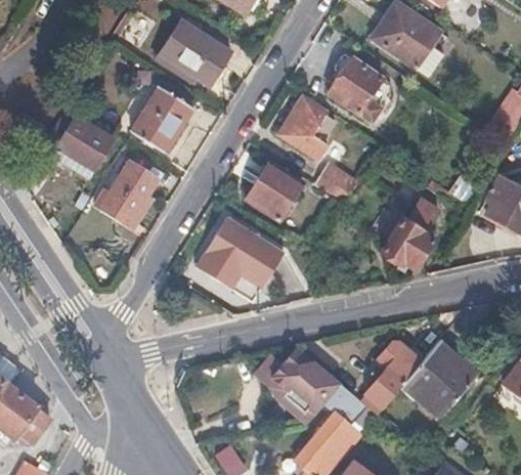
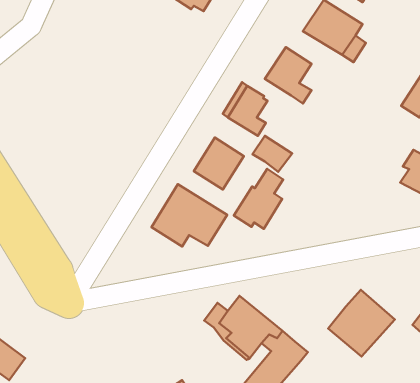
building: [155,21,229,86] -> none
building: [126,62,191,153] -> none
building: [44,110,112,171] -> none
building: [102,163,159,224] -> none
building: [381,198,438,267] -> [234,169,283,229]
building: [360,334,423,412] -> none

